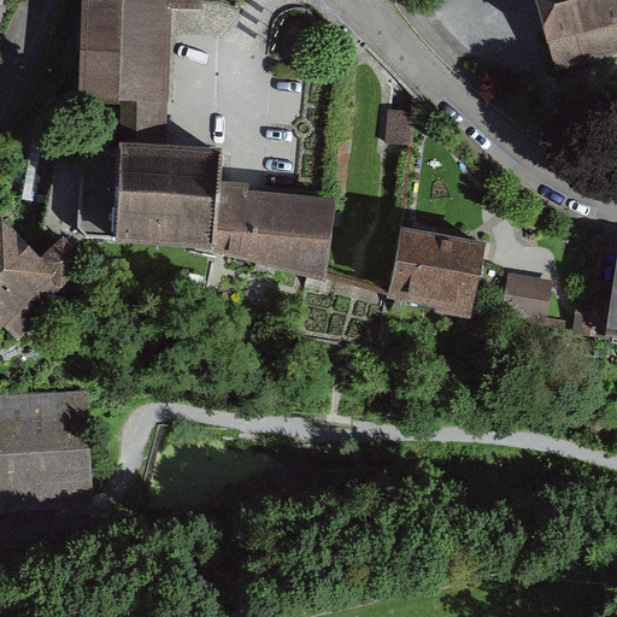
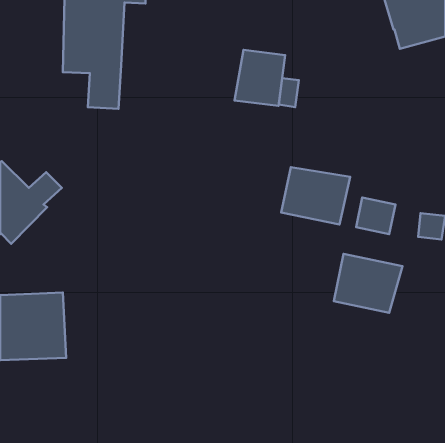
building: none -> [234,50,285,106]
building: [80,147,335,278] -> none
building: none -> [334,254,402,313]

